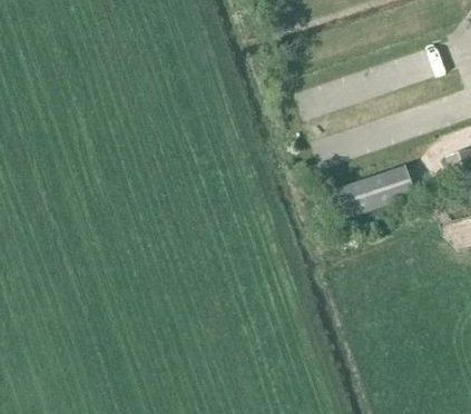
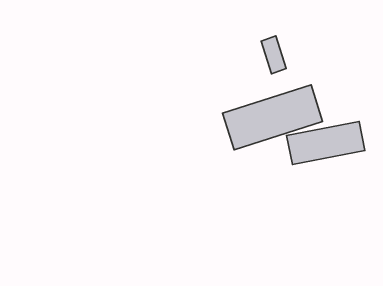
building: none -> [223,85,323,150]

